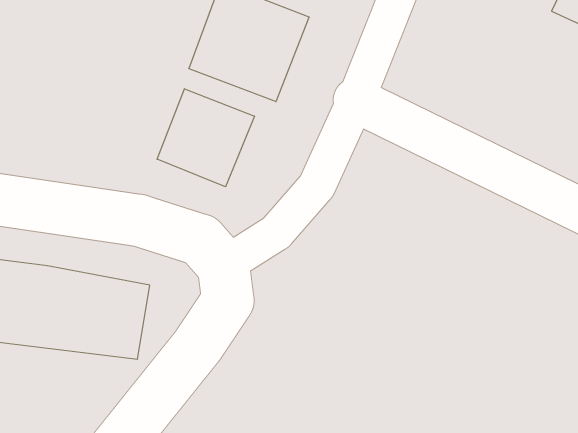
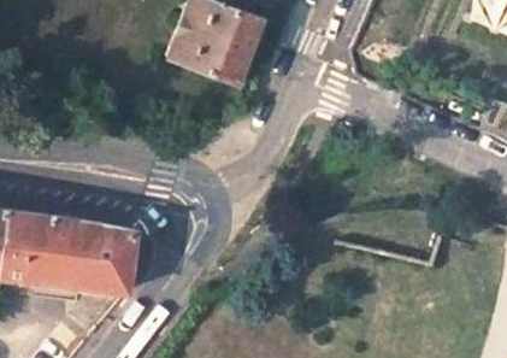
building: [157,89,254,187] -> none

